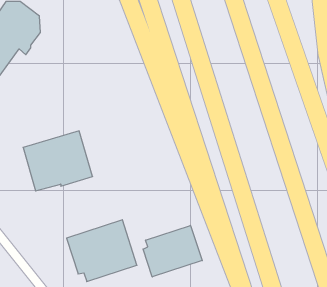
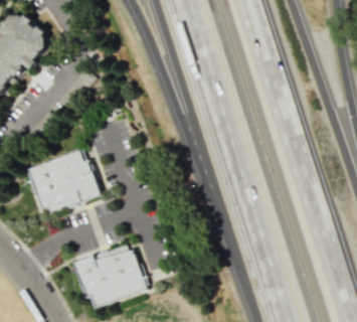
building: [143,225,202,277] -> none

